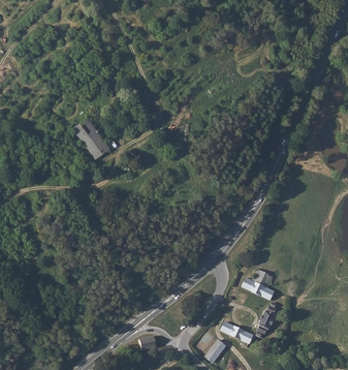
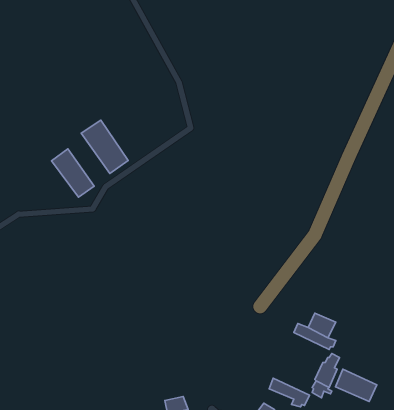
building: none -> [51,149,94,197]
building: none -> [335,369,377,401]

